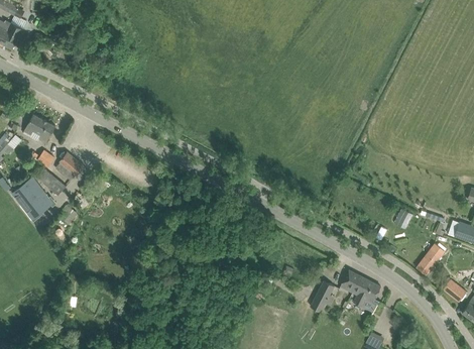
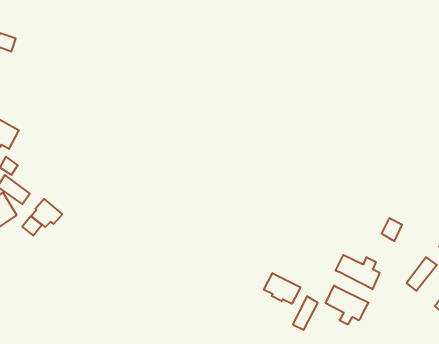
building: [55,152,85,179] -> [31,199,62,227]
building: none -> [335,255,380,289]
building: none -> [264,273,300,304]

